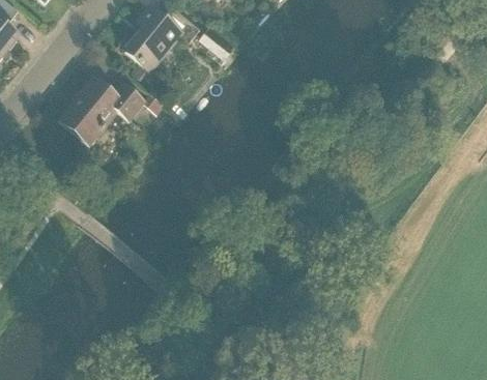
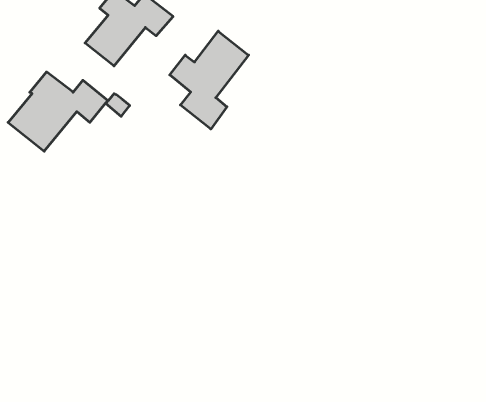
building: none -> [170,31,249,129]

